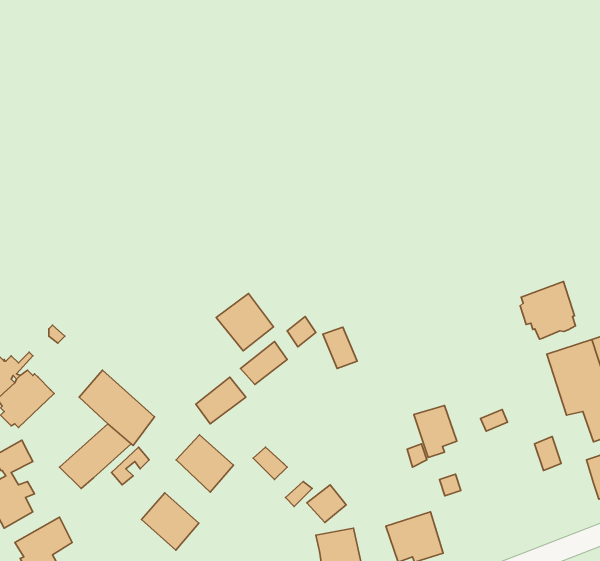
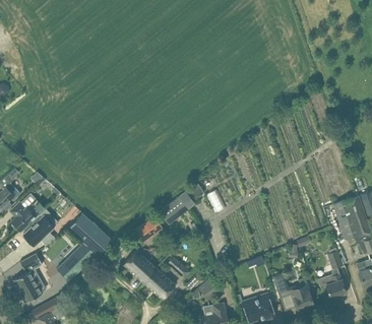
building: [520,282,575,339] -> none
building: [216,294,274,351] -> none
building: [414,405,457,457] -> [289,283,313,313]
building: none -> [318,274,346,298]
building: [142,493,199,550] -> [142,267,175,300]

